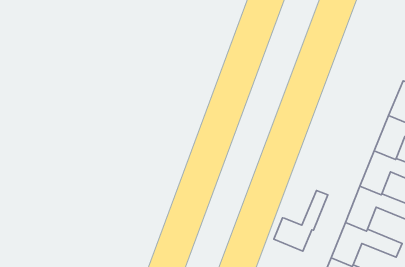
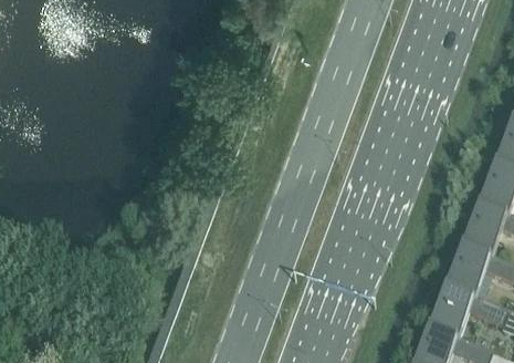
building: [274,191,328,251] -> none

